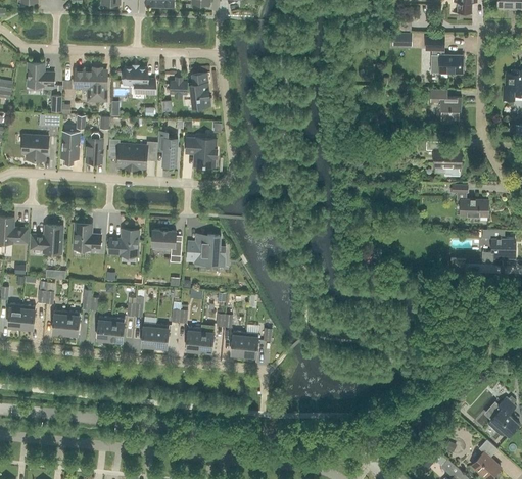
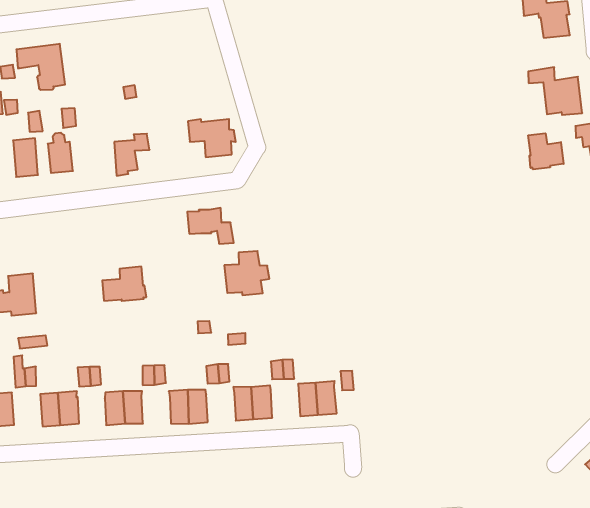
building: [124,68,154,94] -> none
building: [170,74,209,107] -> none
building: [156,132,177,164] -> none
building: [108,140,133,169] -> none
building: none -> [528,133,564,169]
building: [74,226,100,250] -> none
building: [151,230,181,256] -> [187,208,234,244]

